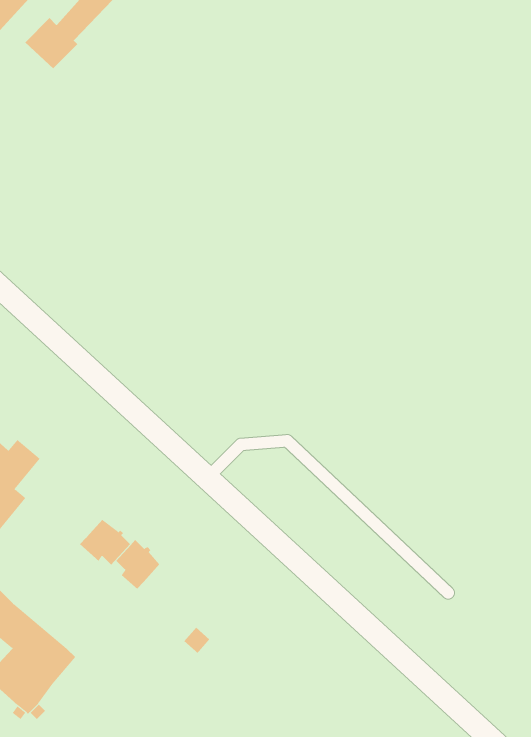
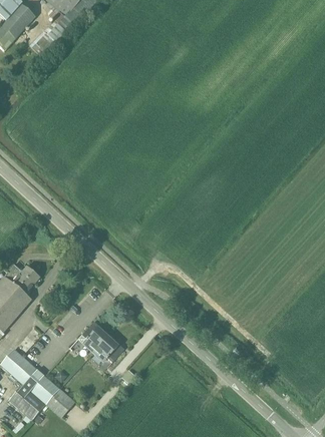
building: [79,519,131,565] -> [93,336,122,362]
building: none -> [46,388,75,417]

